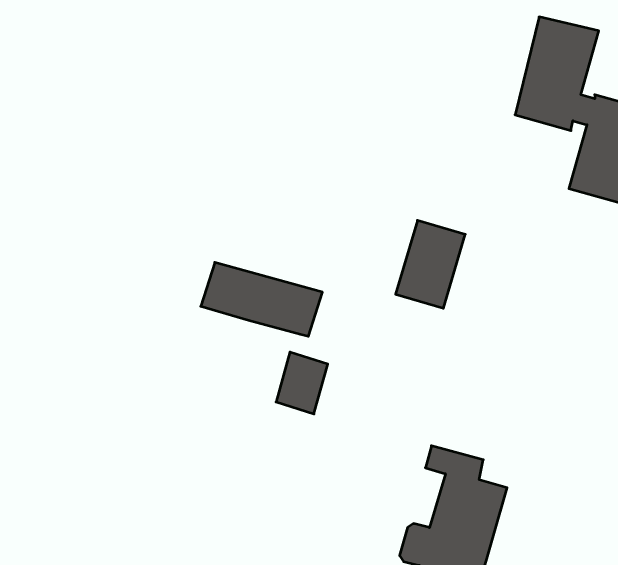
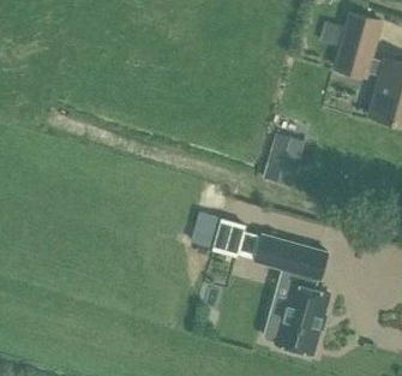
building: [201,262,322,336] -> [254,234,328,279]
building: none -> [212,220,245,256]

